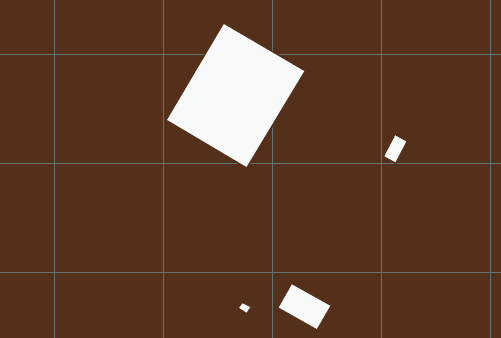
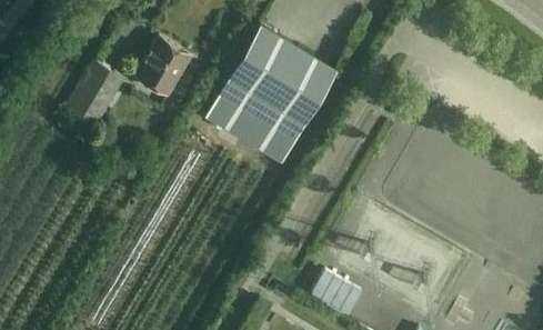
building: none -> [137,39,191,97]
building: none -> [66,62,125,127]

